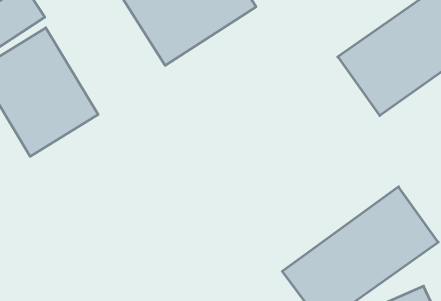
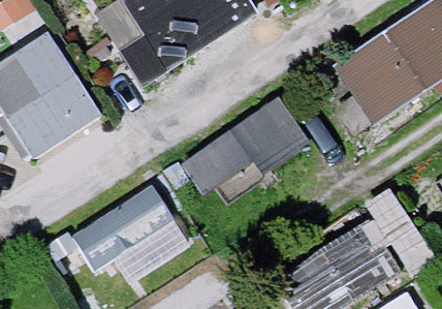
building: none -> [184,93,308,197]
building: none -> [75,182,192,285]

